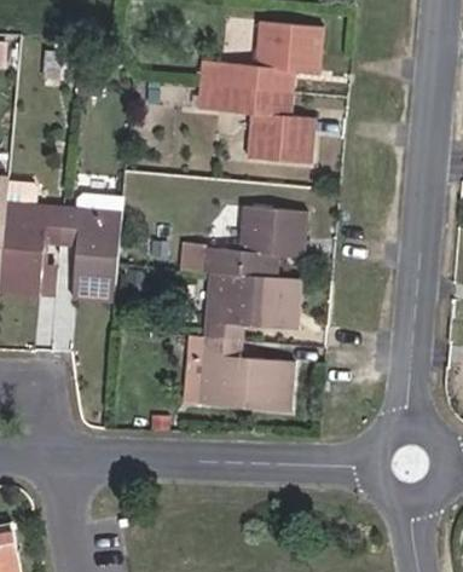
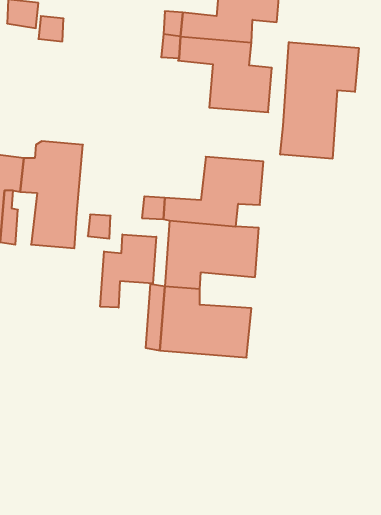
building: none -> [280,42,359,159]
building: none -> [100,234,156,308]

